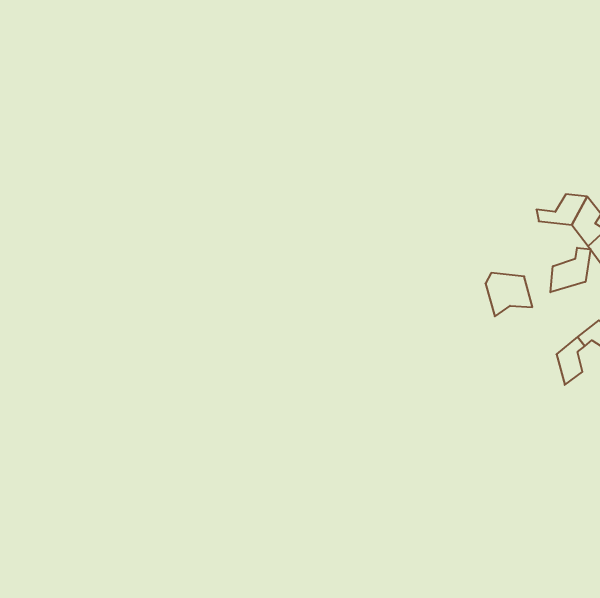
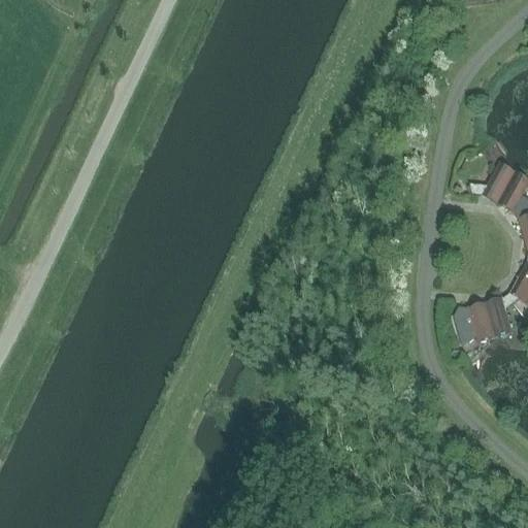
building: [550,248,591,292] -> none
building: [485,273,532,316] -> [455,307,496,345]

